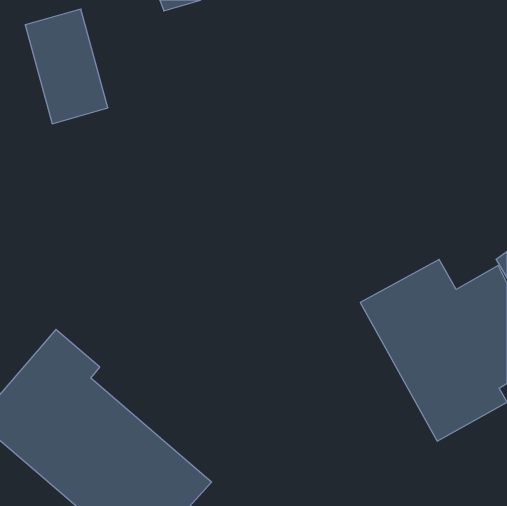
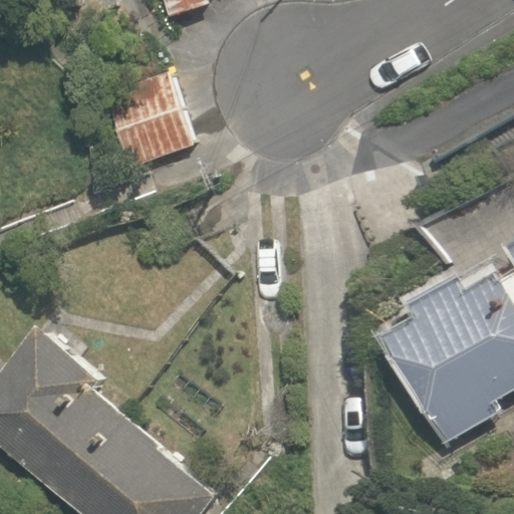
building: [25,9,108,124] -> [112,52,196,168]

